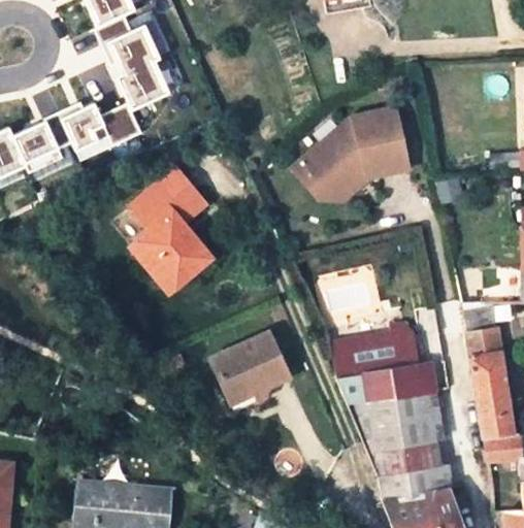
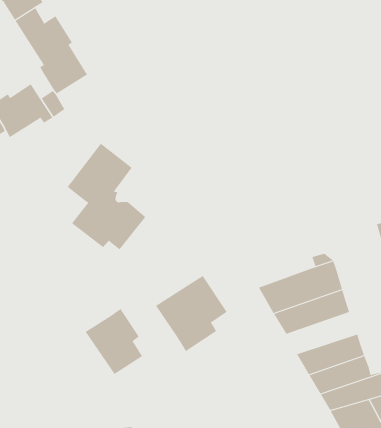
building: [296,105,414,200] -> none
building: none -> [85,308,143,375]
building: [347,395,425,432] -> none

